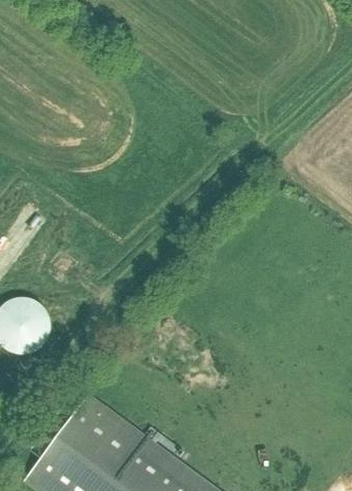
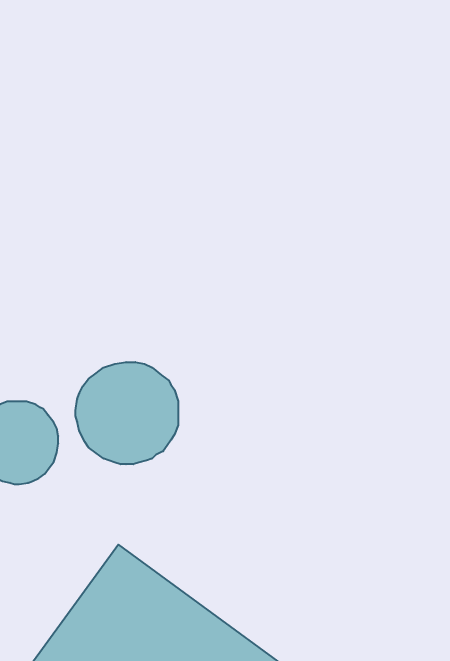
building: none -> [75,362,178,464]

